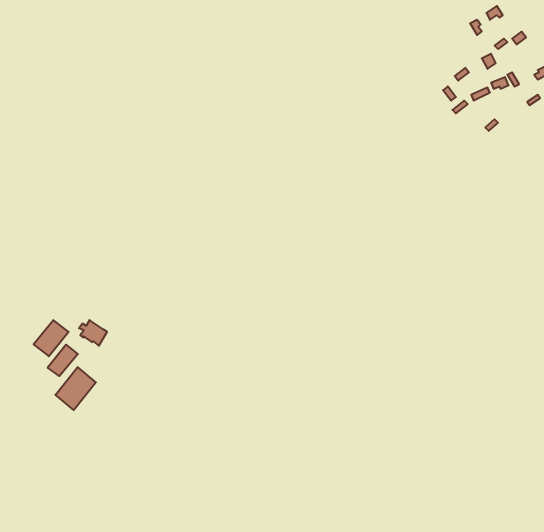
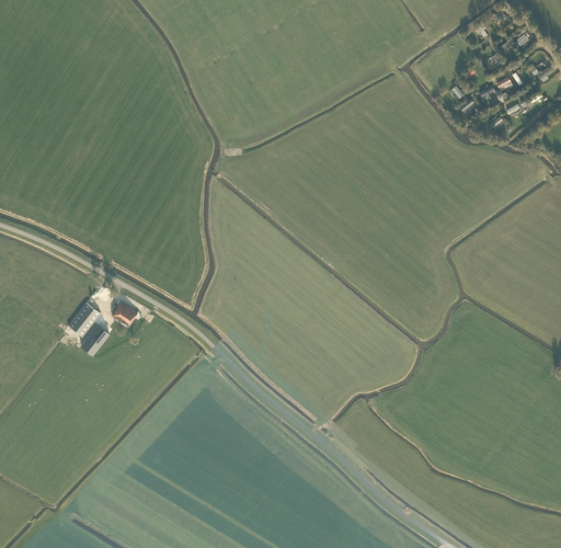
building: [55,367,96,410] -> none

